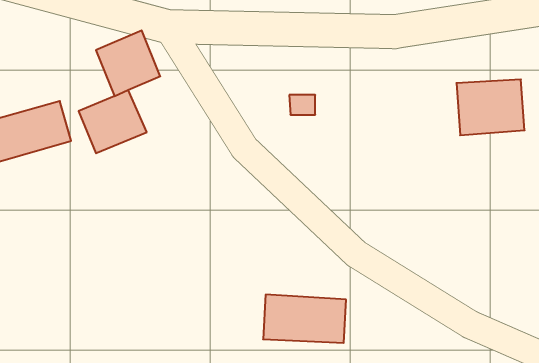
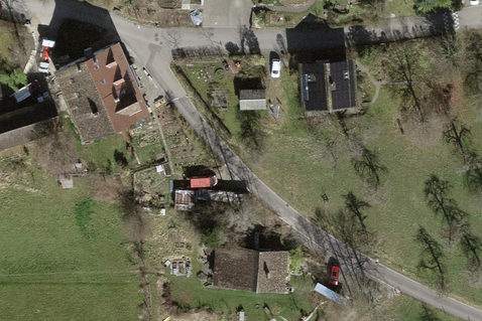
building: none -> [51,55,97,105]
building: none -> [108,76,149,122]
building: [456,79,525,135] -> [298,58,354,104]

